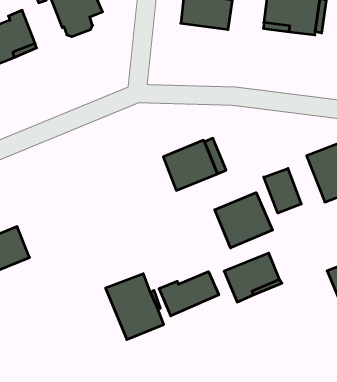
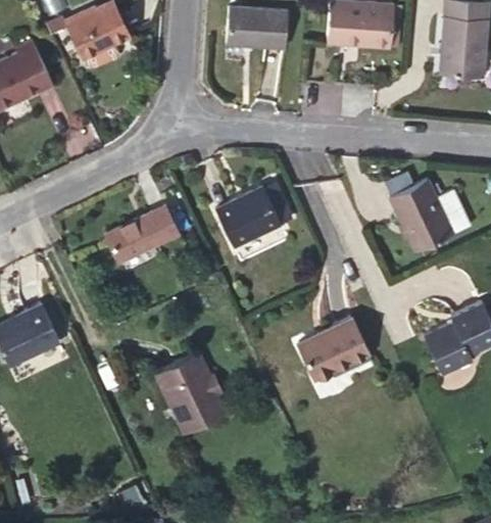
building: none -> [105,206,179,262]
building: [264,168,301,213] -> none
building: [215,193,273,248] -> none
building: [159,272,219,316] -> none

